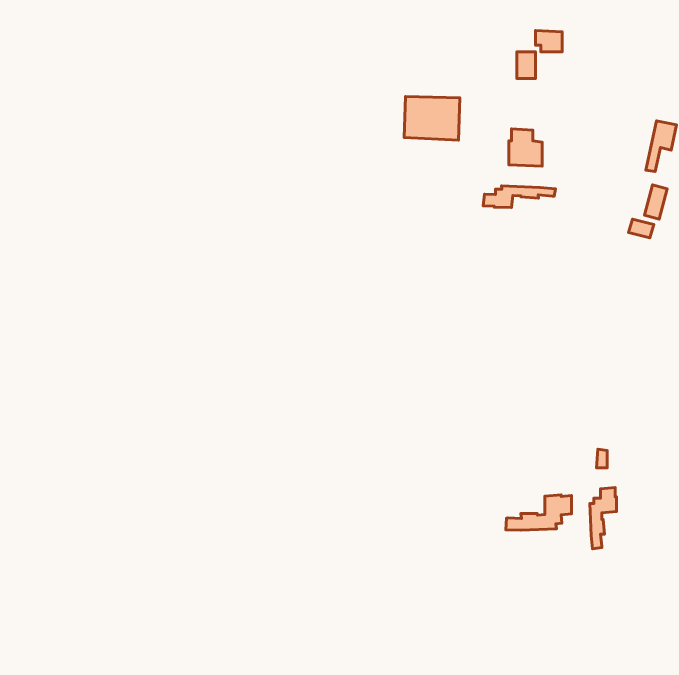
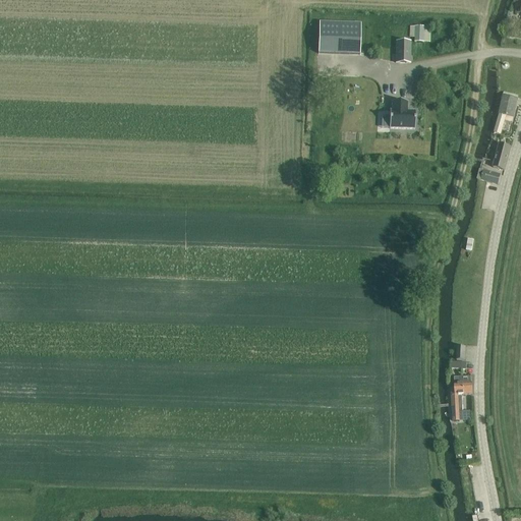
building: [404,96,460,140] -> [319,19,361,53]
building: [483,186,556,207] -> none
building: [506,495,572,530] -> none

